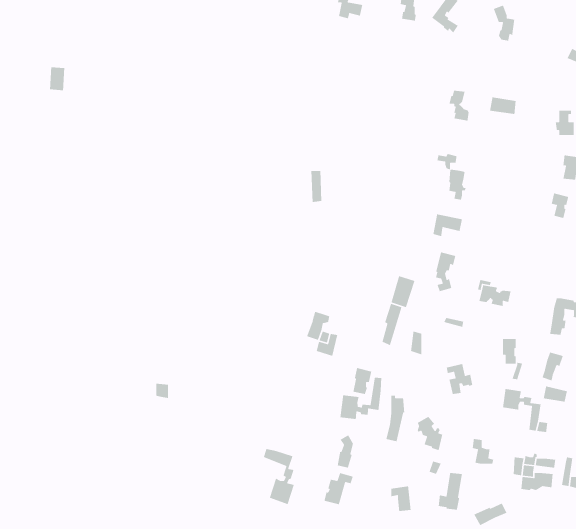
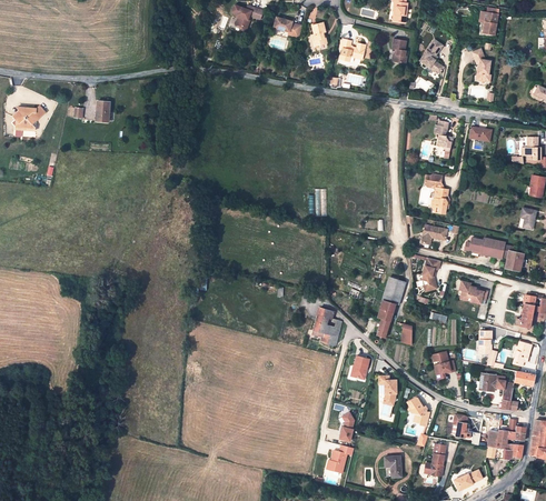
building: none -> [468,238,523,271]
building: [339,377,382,420] -> none
building: [263,448,295,505] -> none

